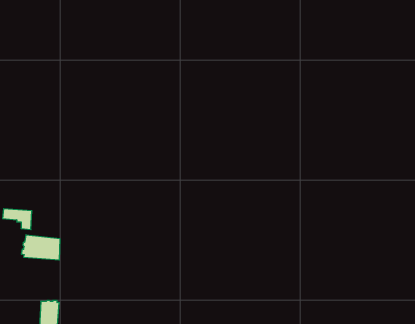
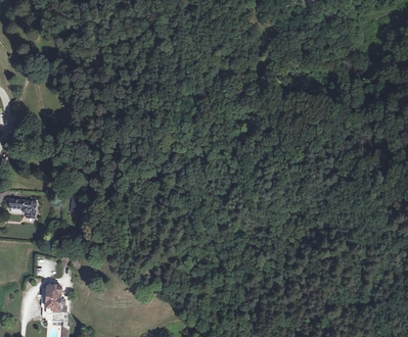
building: [22,235,60,260] -> none

